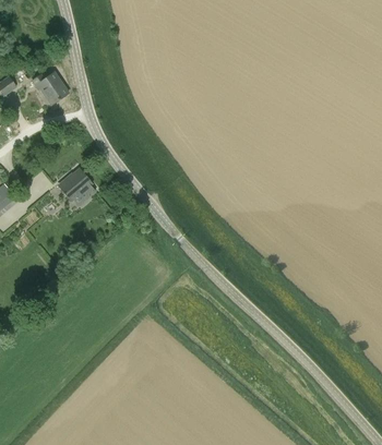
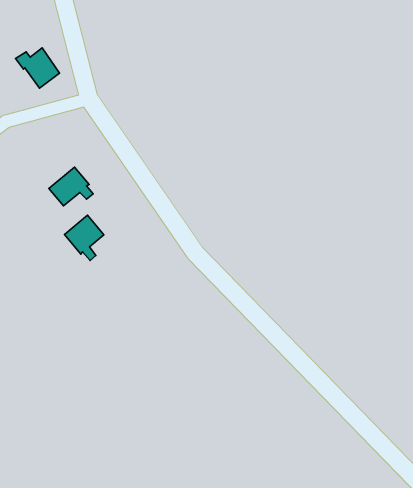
building: none -> [64,215,104,261]

